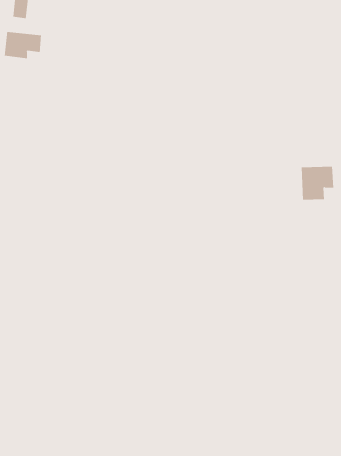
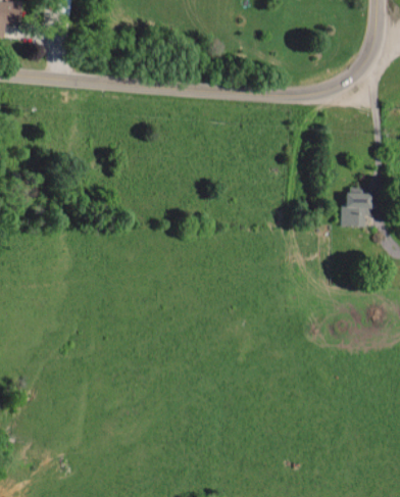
building: [4,31,42,59] -> none

